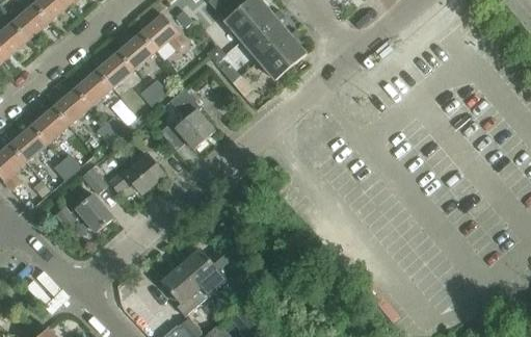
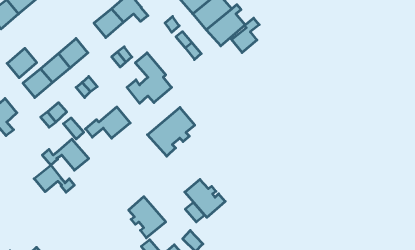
building: none -> [231,18,259,53]
building: [97,51,133,87] -> none
building: [9,125,46,161] -> [7,48,37,78]
building: none -> [147,107,195,156]
building: none -> [34,165,74,192]
building: [180,249,230,295] -> [185,179,225,217]

